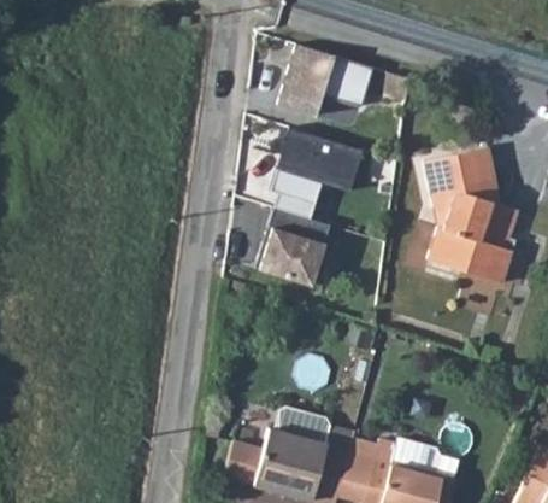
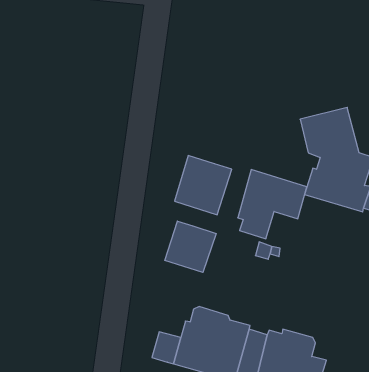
building: [278,46,373,117] -> none
building: [271,128,363,220] -> [238,170,307,239]
building: none -> [165,221,216,272]

